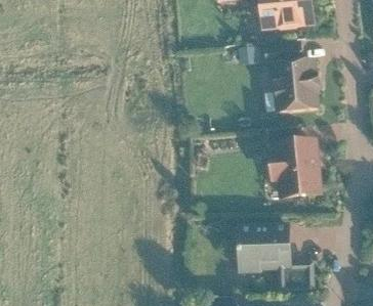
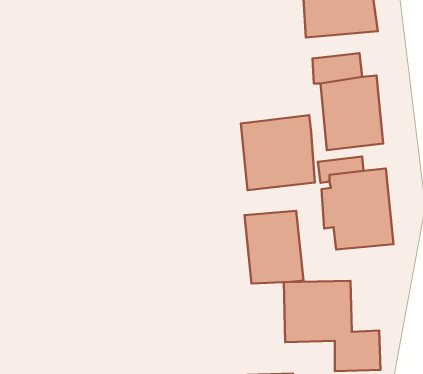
building: none -> [241,115,315,190]
building: none -> [244,211,304,283]

